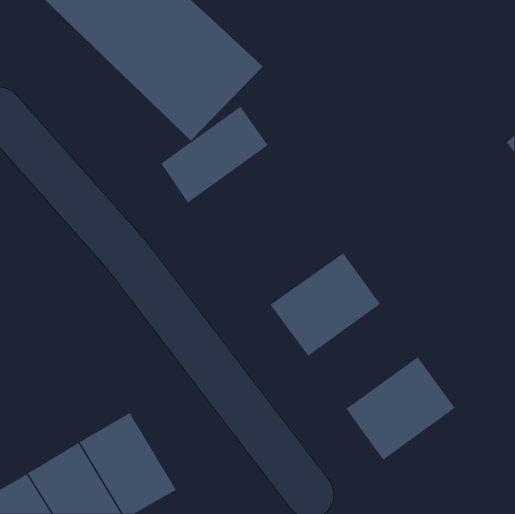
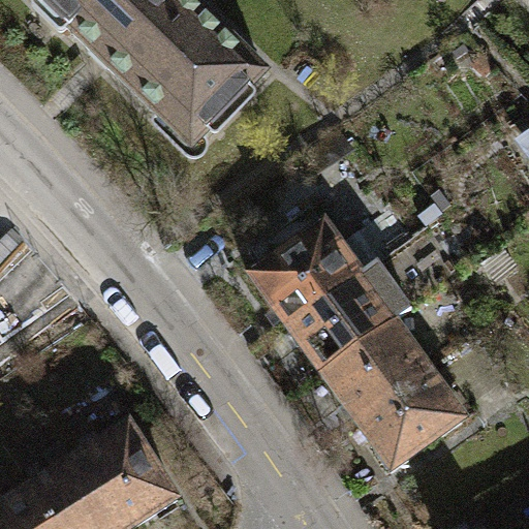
building: [160,106,268,204] -> none
building: none -> [238,205,351,312]
building: none -> [315,311,428,418]

